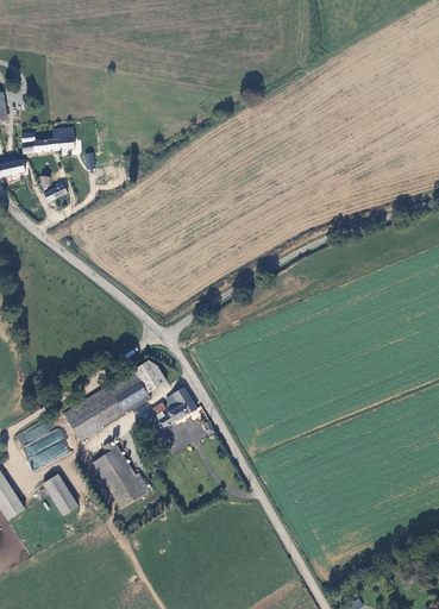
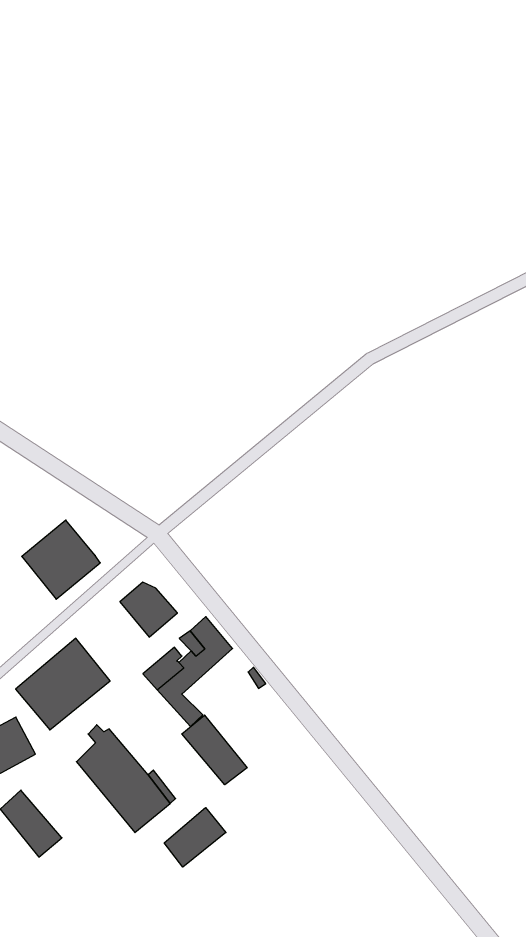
building: [104,370,150,416] -> [22,520,100,599]
building: none -> [182,715,247,785]
building: none -> [164,808,226,867]

